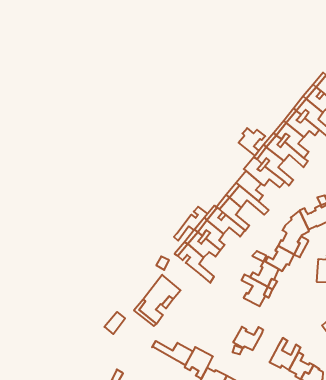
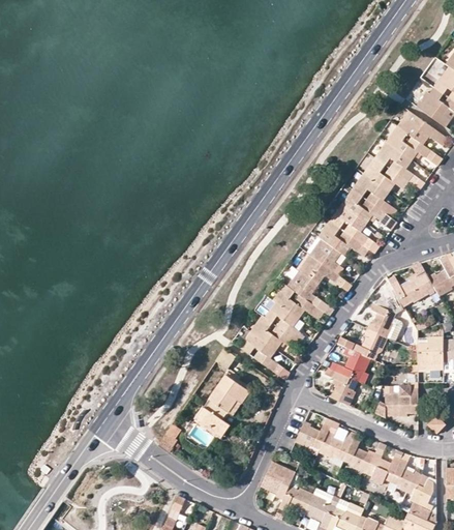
building: [239,128,265,156] -> none
building: [174,207,207,241] -> none
building: none -> [375,381,418,417]
building: none -> [296,420,331,449]
building: none -> [344,438,375,473]
building: [152,341,193,365] -> none

